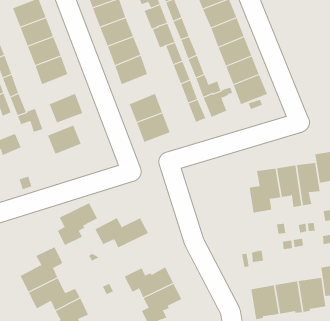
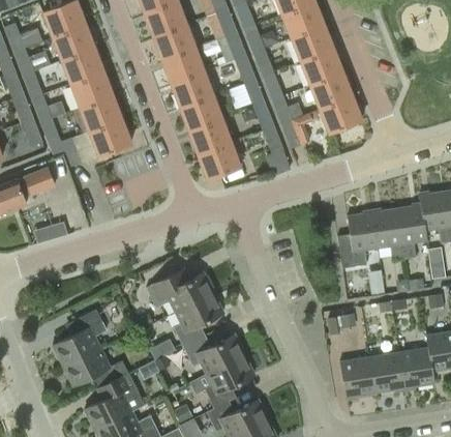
building: none -> [179,94,221,132]
building: [47,125,81,155] -> [80,94,122,132]
building: [57,203,98,246] -> [173,292,223,346]

